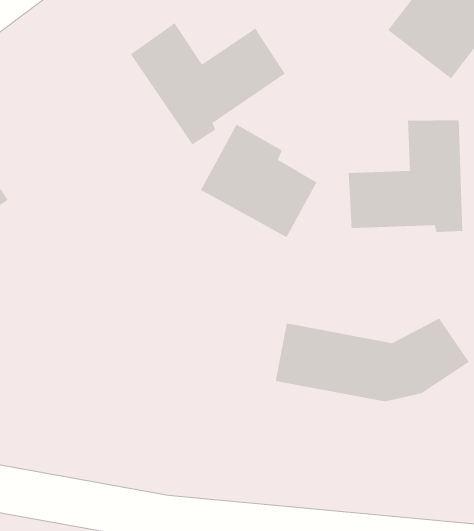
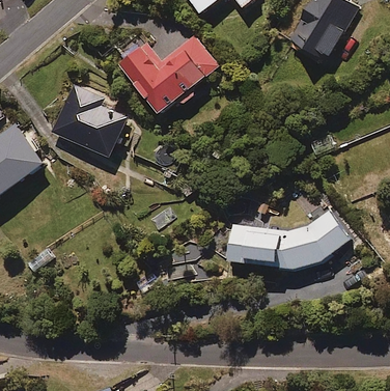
building: [348,119,463,233] -> none
building: [200,123,317,238] -> [55,85,130,156]

